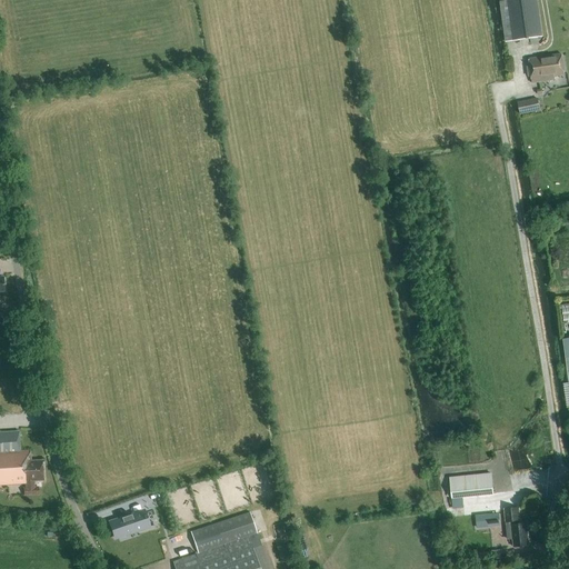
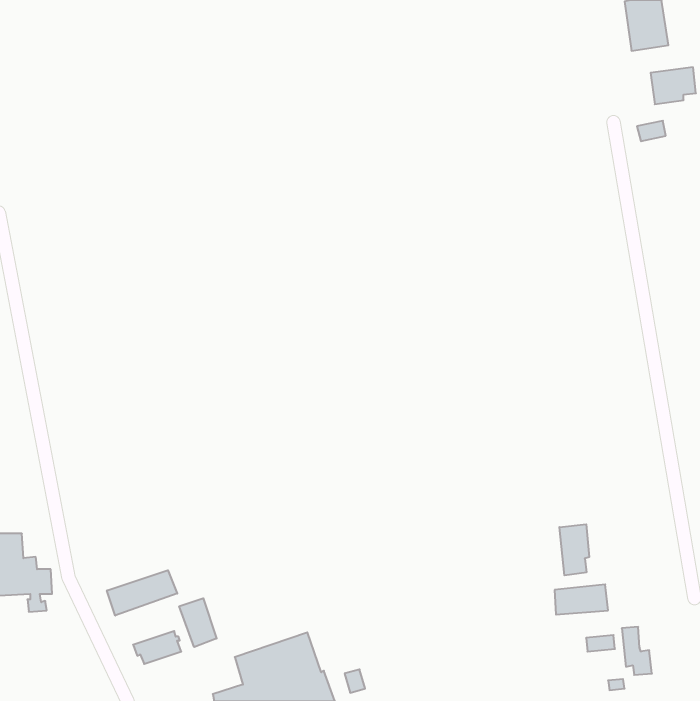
building: none -> [559,524,589,575]
building: none -> [107,570,177,616]
building: none -> [179,598,217,647]

